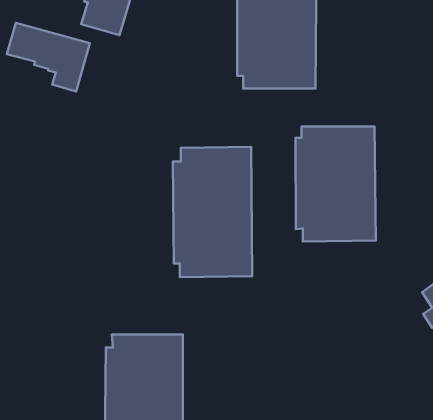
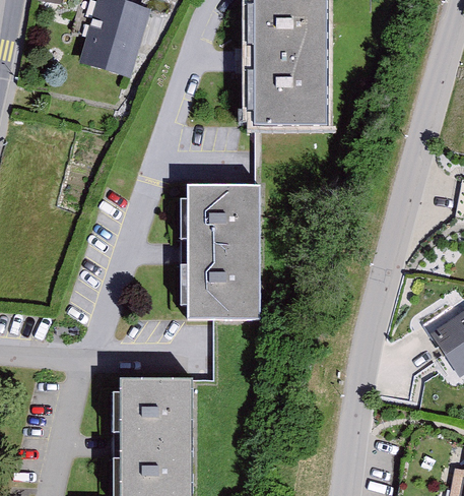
building: [7,23,90,92] -> none
building: [296,126,376,241] -> none

